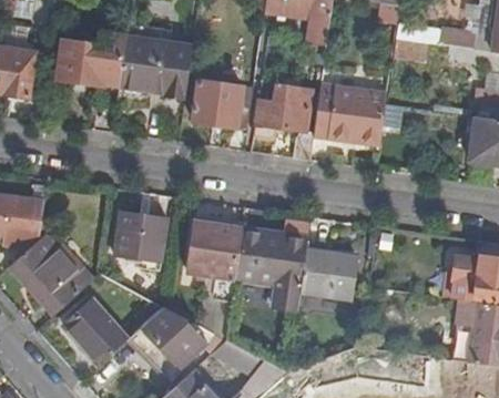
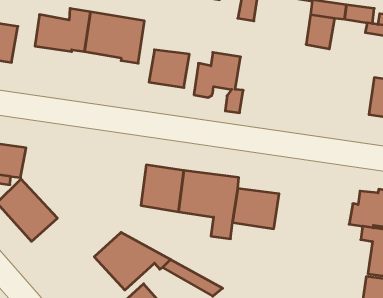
building: [314,82,388,140] -> none
building: [113,212,166,261] -> none
building: [63,299,126,364] -> none

